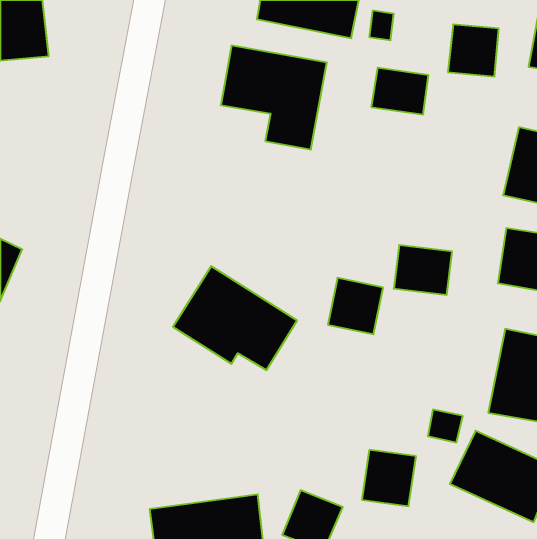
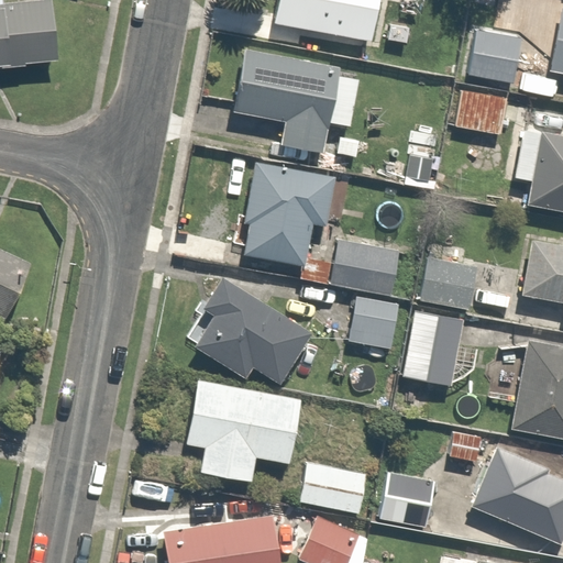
building: [371,68,429,114] -> [452,87,511,135]
building: none -> [242,164,336,263]
building: none -> [330,235,405,295]
building: none -> [405,302,468,385]
building: none -> [185,377,305,485]
building: none -> [299,461,372,515]

